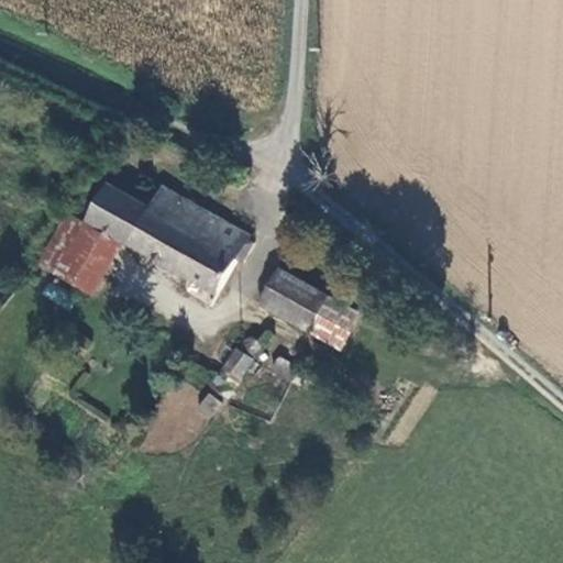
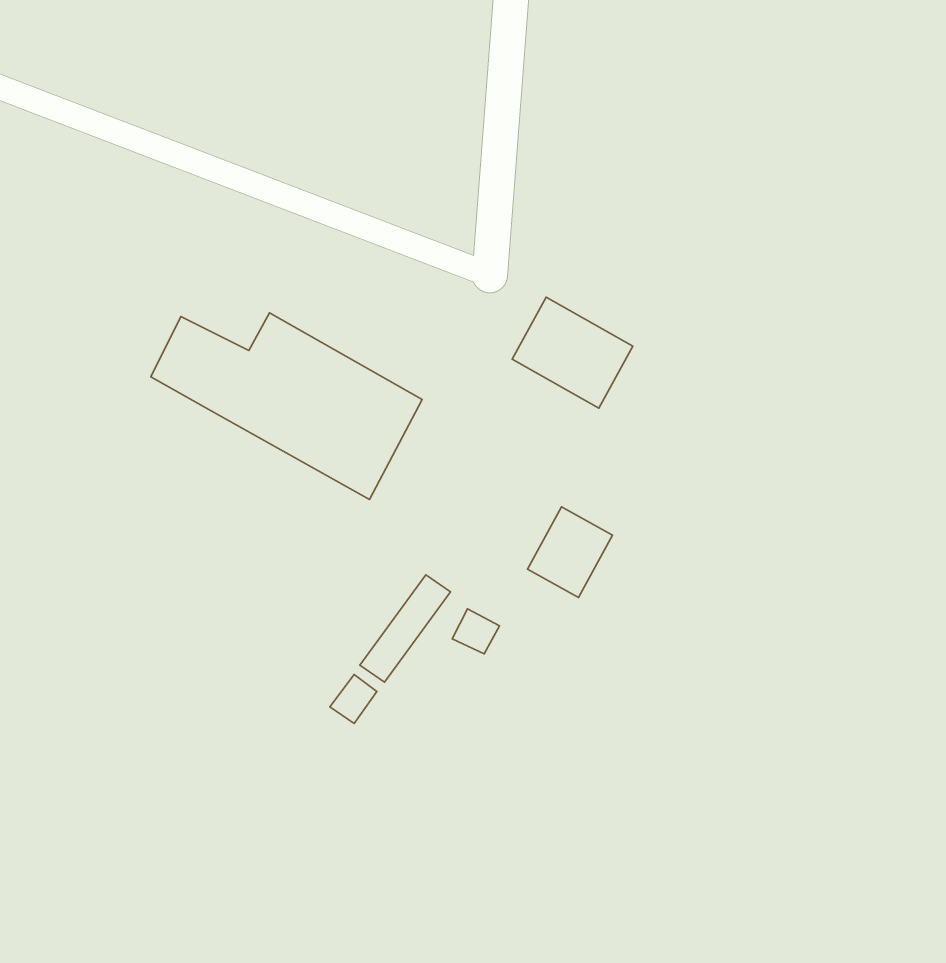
building: [43,210,123,294] -> none
building: [257,267,328,332] -> [512,297,633,408]

